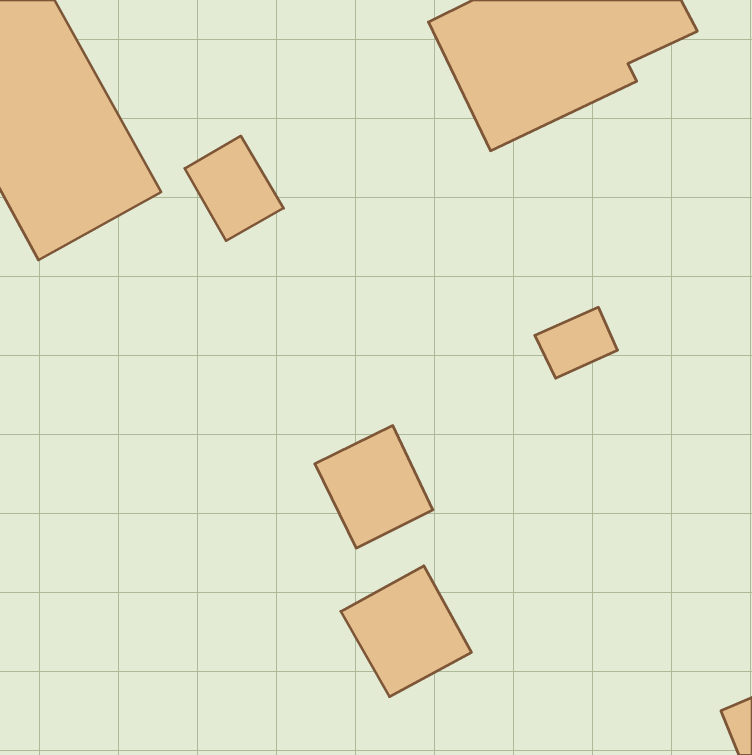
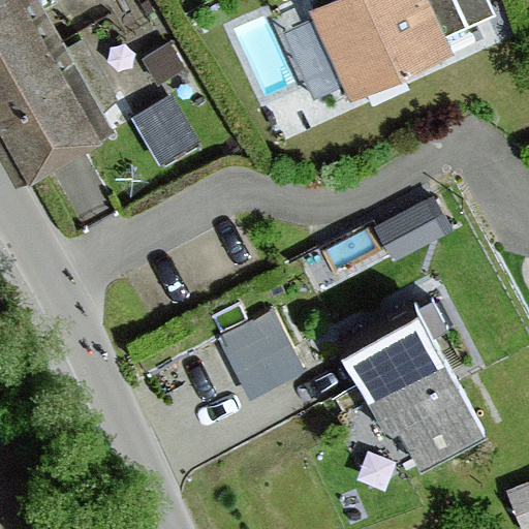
building: none -> [343,309,487,469]
building: [341,566,471,697] -> none

